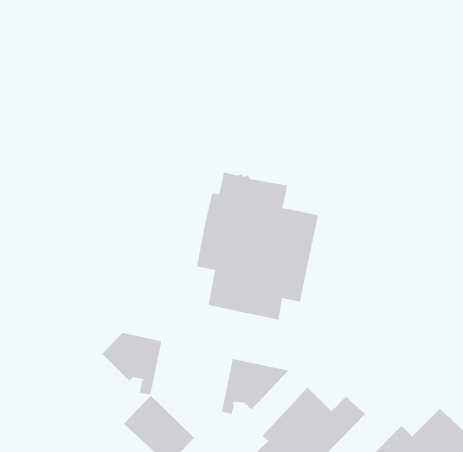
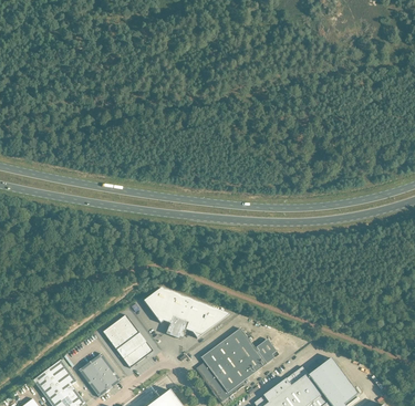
building: [196,172,319,320] -> none
building: [101,332,162,395] -> [143,287,188,335]

